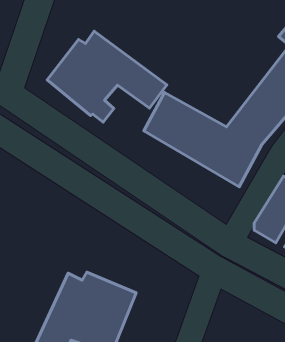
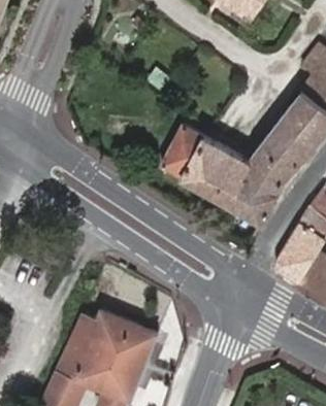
building: [47,31,167,122] -> none

